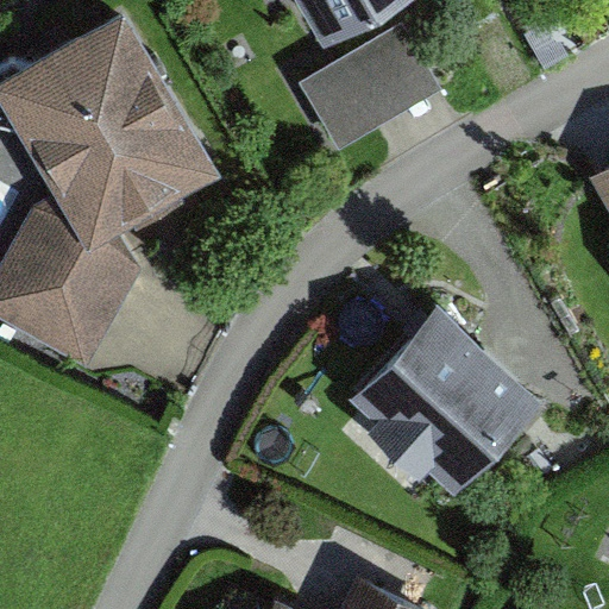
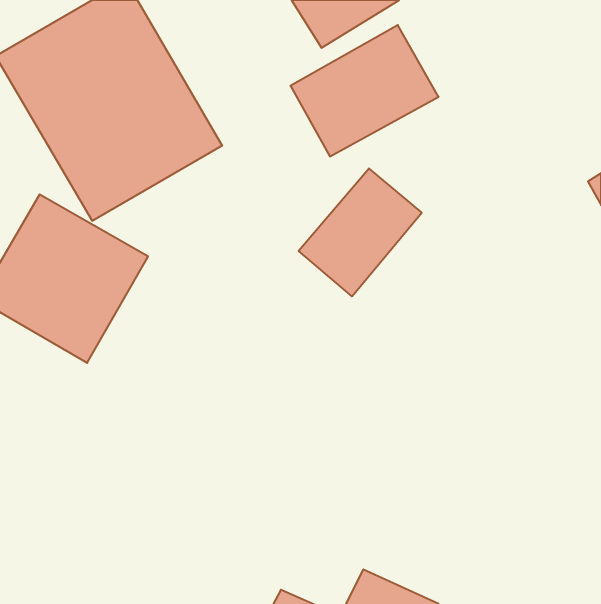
building: none -> [299,168,422,296]
building: [343,308,541,504] -> none

